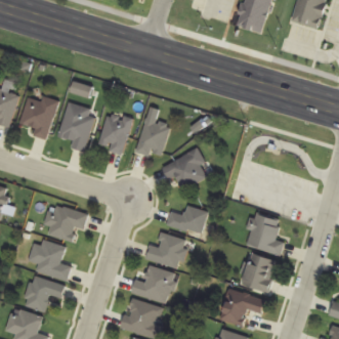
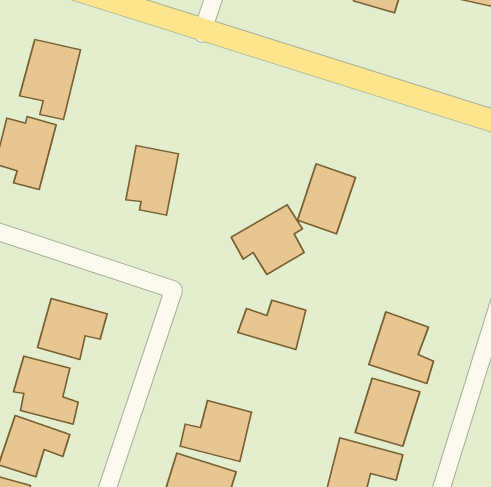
building: [57,102,94,151] -> [19,40,81,120]
building: [135,116,170,158] -> [298,164,355,234]
building: [145,231,186,268] -> none

